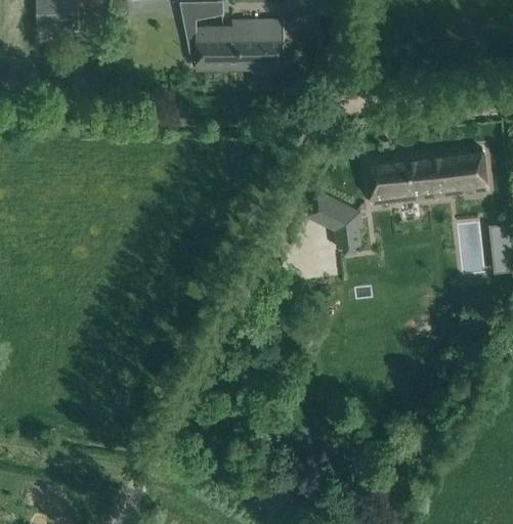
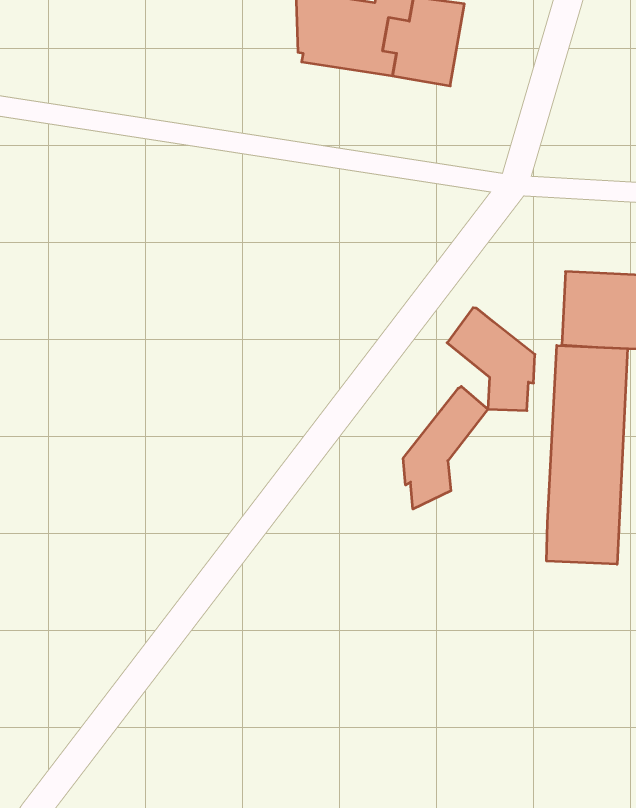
building: none -> [547,345,627,564]
building: none -> [403,386,488,509]

